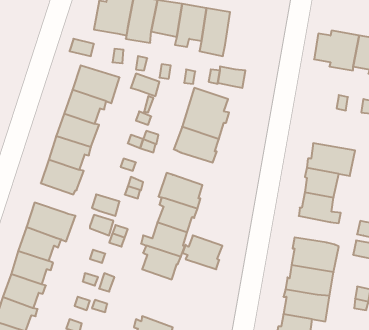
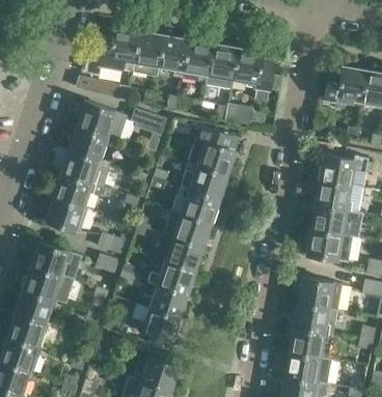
building: none -> [231,50,275,93]
building: none -> [321,158,367,190]
building: none -> [179,190,219,225]
building: [182,235,222,269] -> [137,310,178,344]

